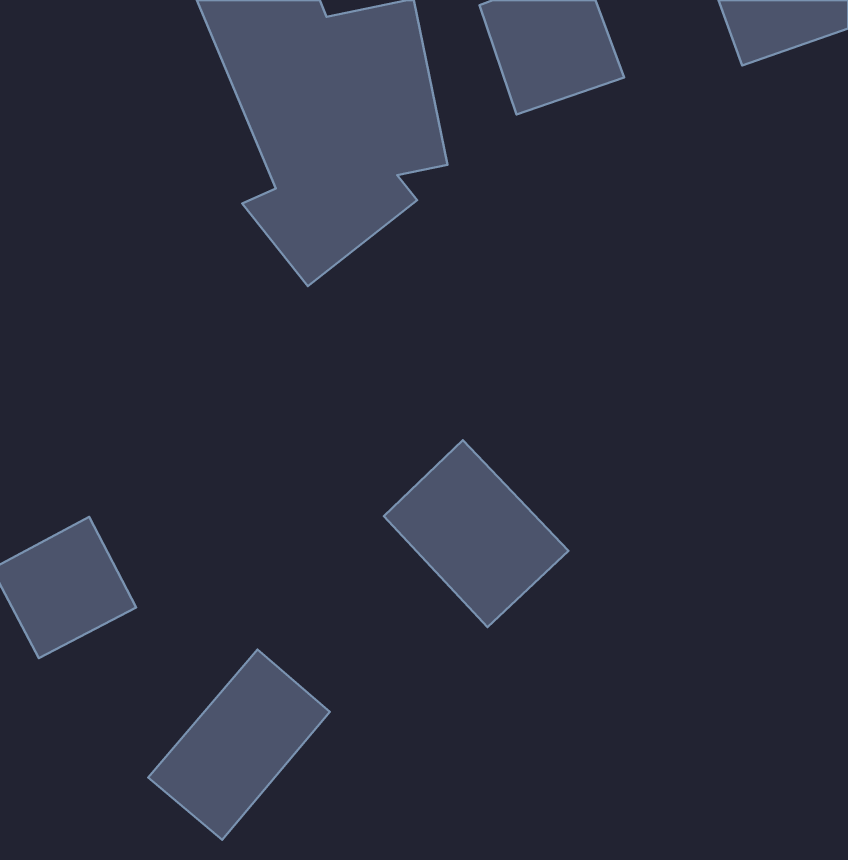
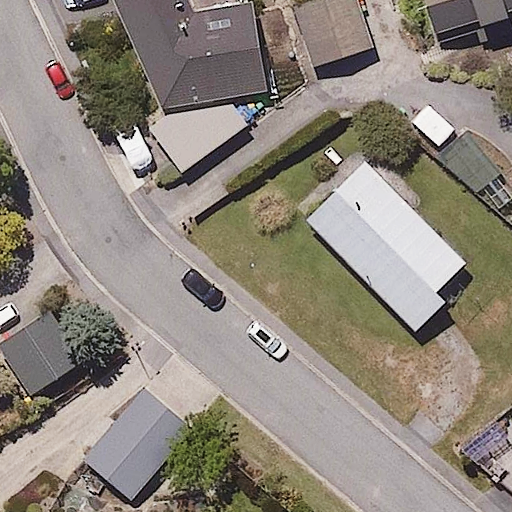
building: none -> [300,152,471,332]
building: [384,440,569,627] -> none

